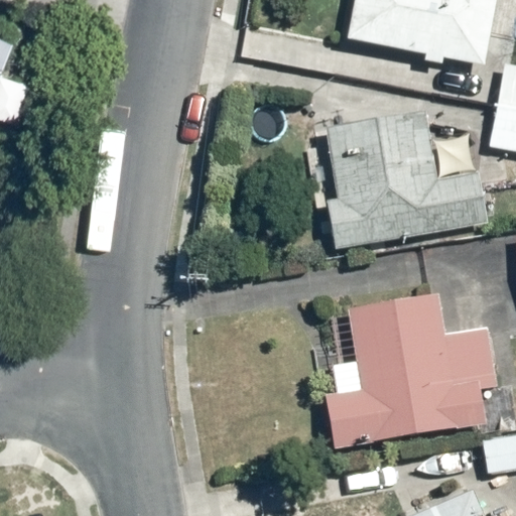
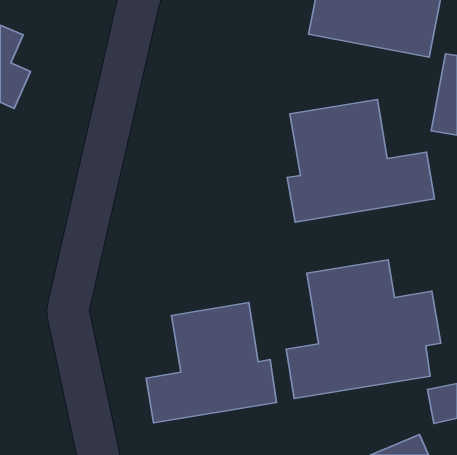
building: none -> [146,303,277,423]

